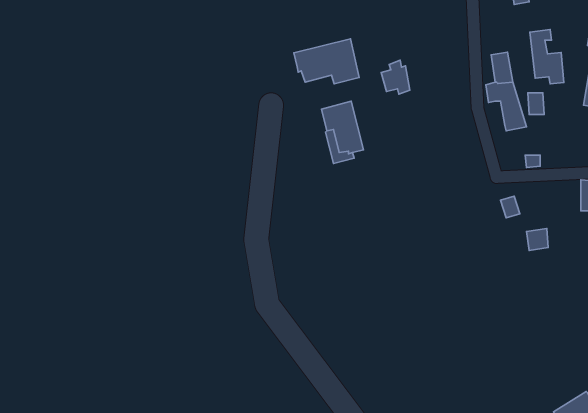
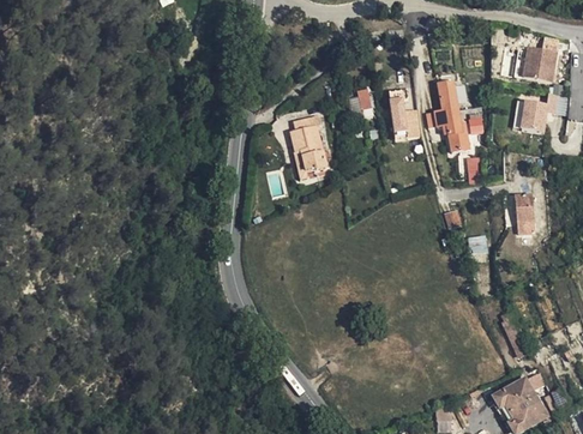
building: [530,29,564,84] -> [386,89,416,137]
building: [294,39,359,84] -> none

